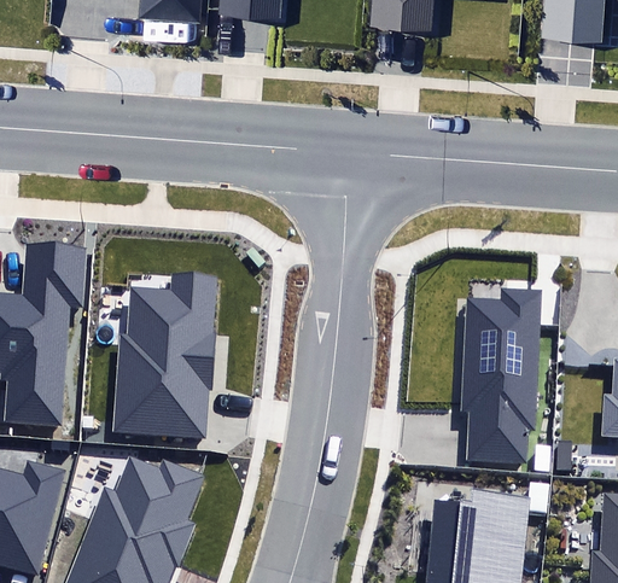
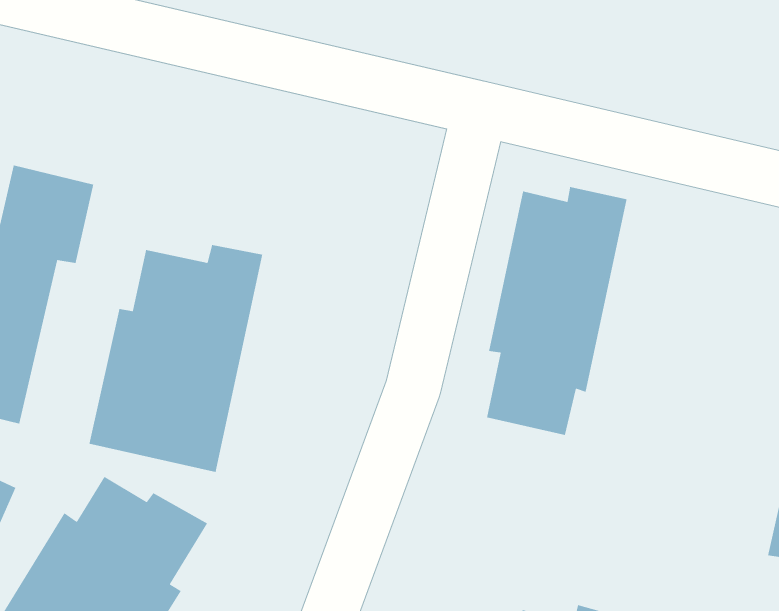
building: [461,287,542,464] -> [486,186,627,436]

